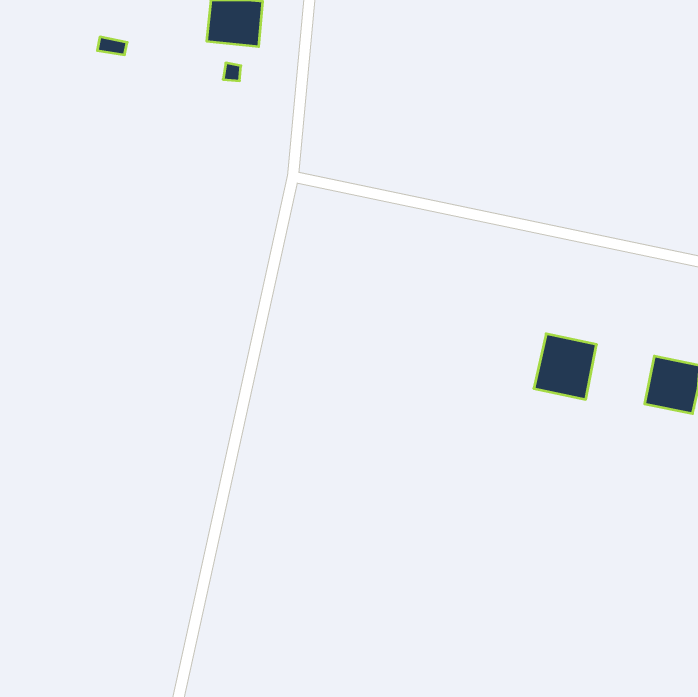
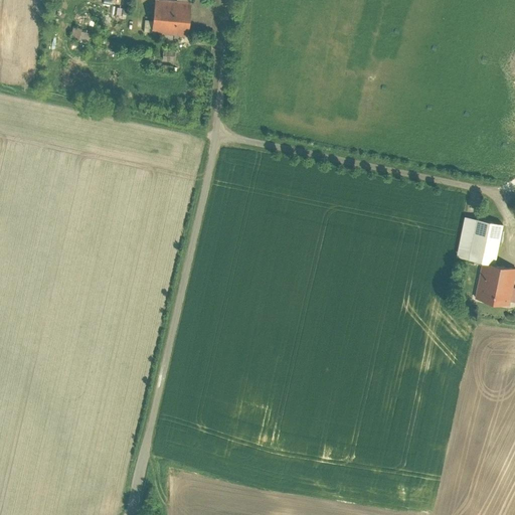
building: [534,334,597,399] -> [456,216,502,265]

